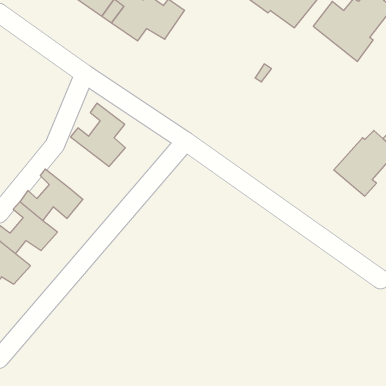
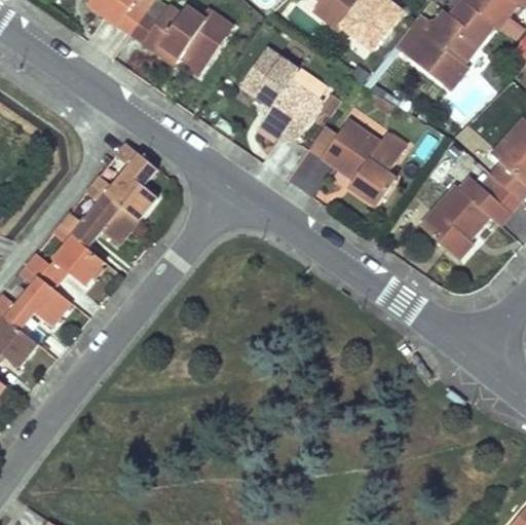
building: none -> [241,47,330,140]
building: none -> [323,118,406,201]
building: none -> [59,184,139,248]

